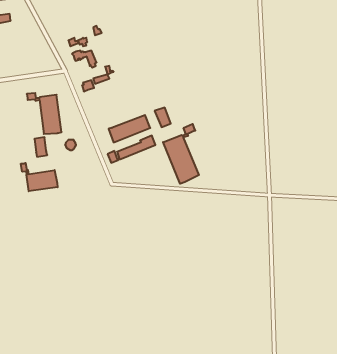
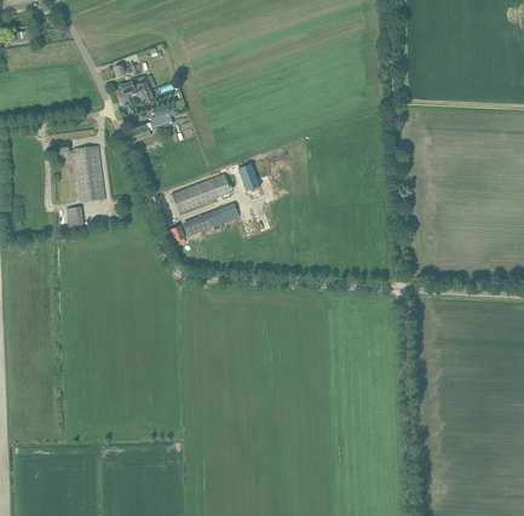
building: [163,124,199,184] -> none
building: [21,163,58,191] -> none

